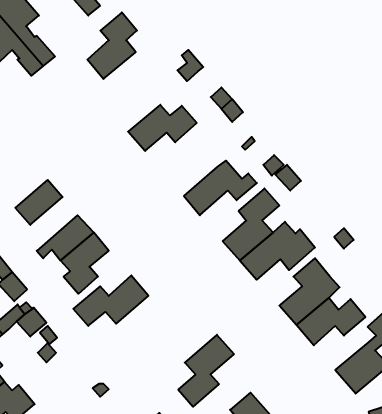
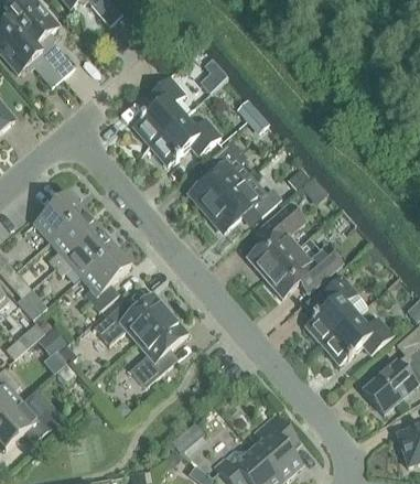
building: [87,12,137,79] -> [133,76,184,144]
building: none -> [191,139,250,211]
building: none -> [49,212,98,267]
building: [178,335,234,407] -> [131,313,189,387]

